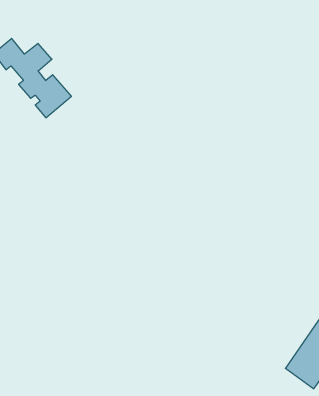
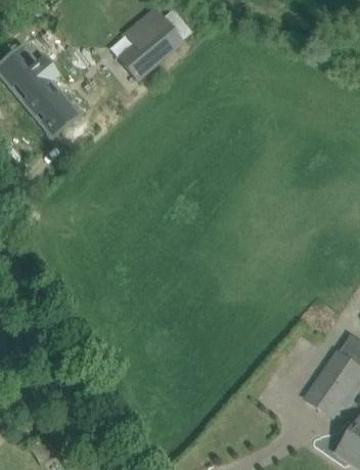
building: none -> [118,16,182,77]

